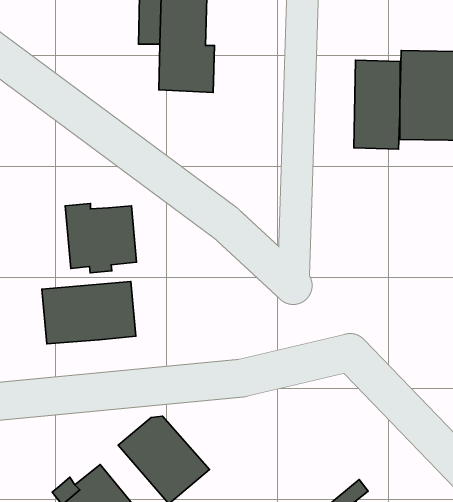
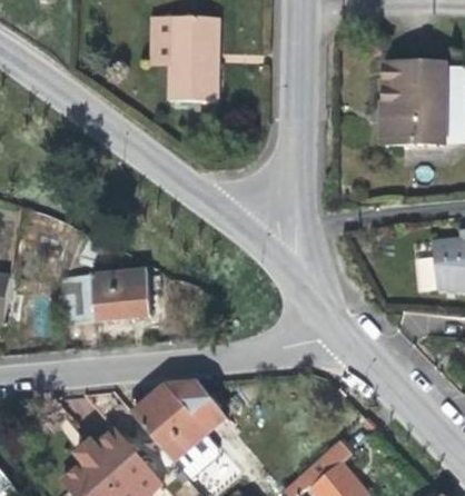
building: [354,60,400,149] -> none
building: [65,203,136,273] -> none
building: none -> [171,383,228,431]

